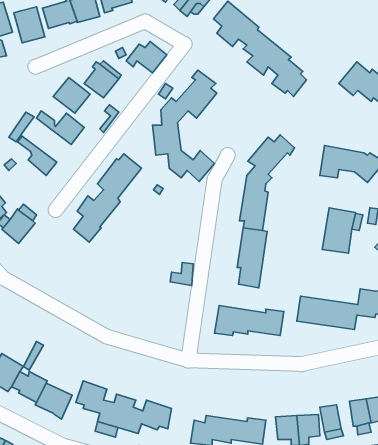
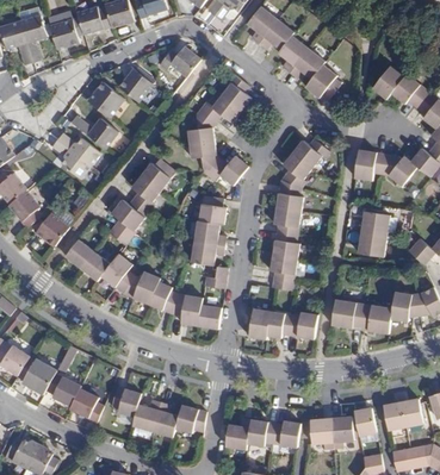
building: none -> [56,133,100,167]
building: none -> [190,195,225,265]
building: none -> [64,239,222,329]

